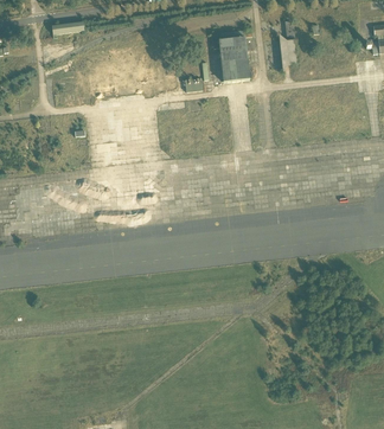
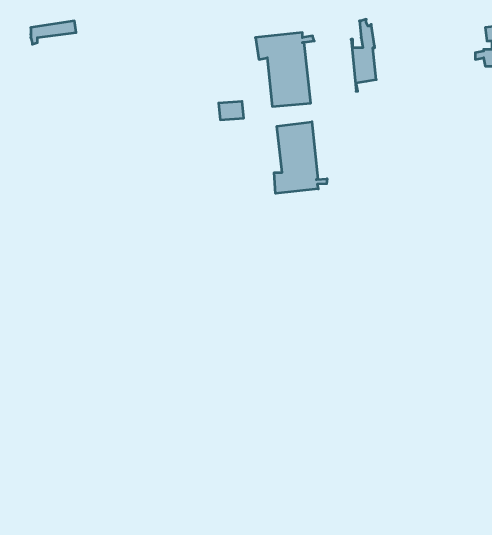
building: none -> [274,122,327,193]

